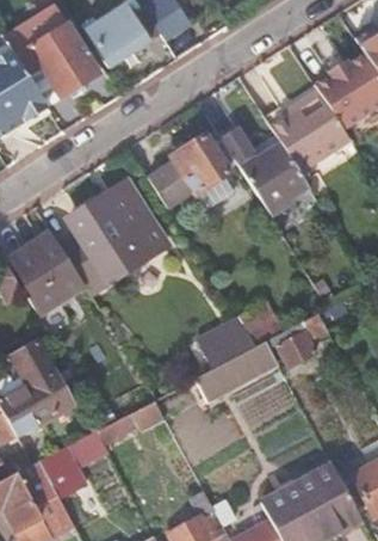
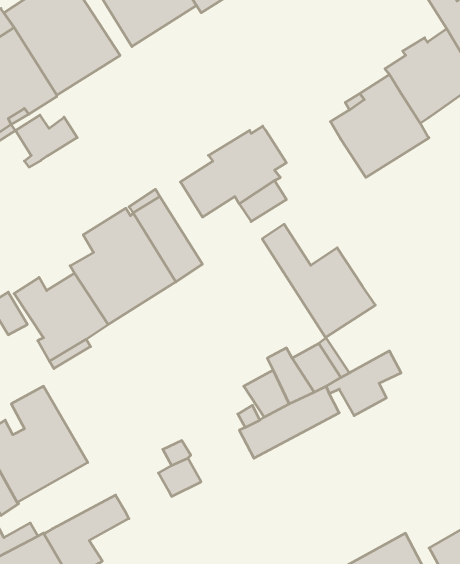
building: none -> [16,115,77,167]
building: [217,123,309,215] -> [262,224,375,337]

